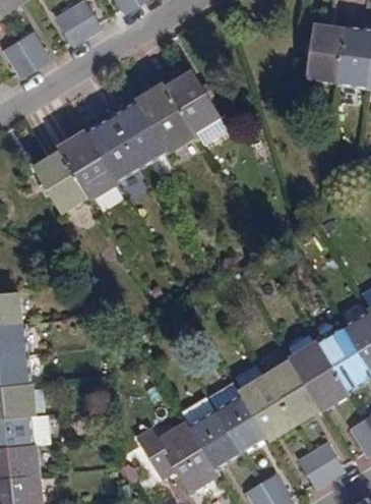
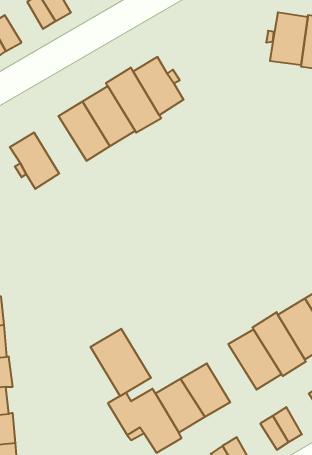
building: [59,133,116,200] -> none
building: none -> [91,329,151,396]
building: [239,375,294,438] -> none

